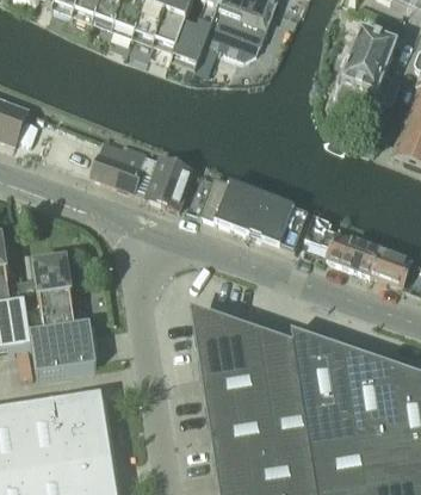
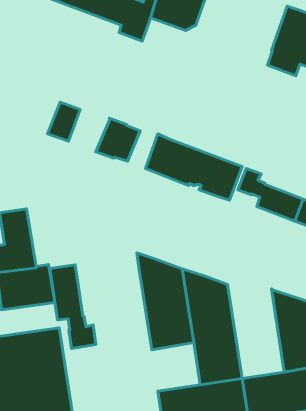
building: [112,144,159,192] -> none
building: none -> [50,265,96,348]
building: [290,329,357,448] -> none
building: [206,408,261,463] -> none

